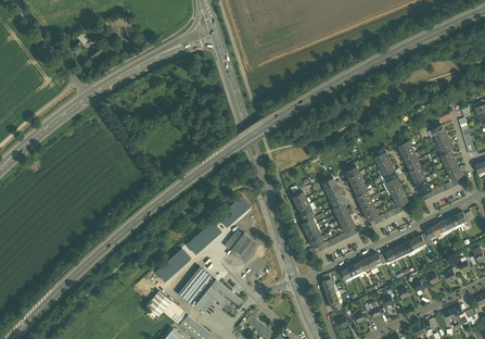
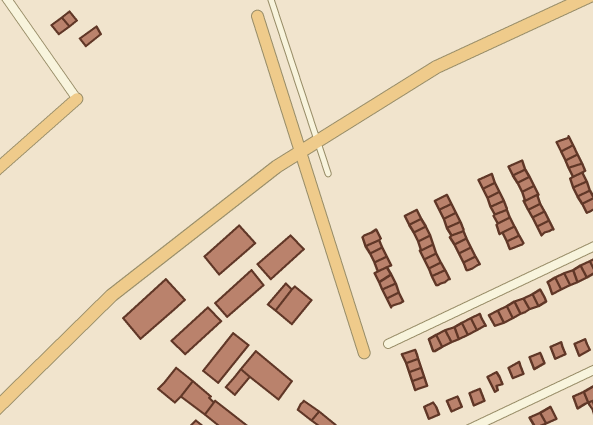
building: none -> [205,225,255,274]
building: none -> [123,279,185,339]

